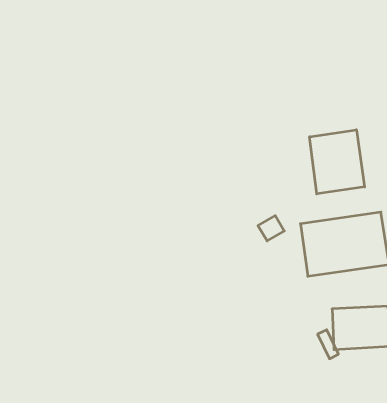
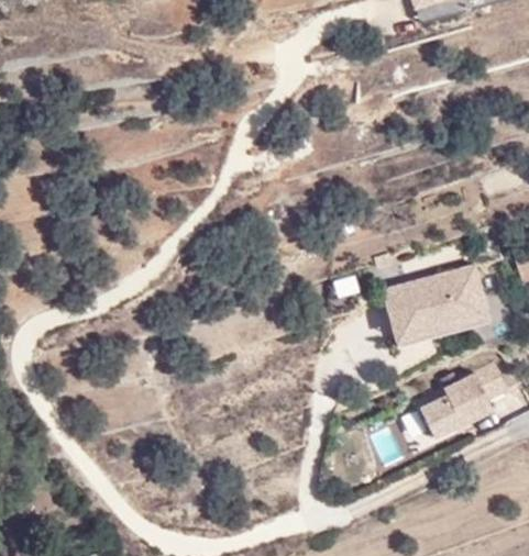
building: [310,130,365,194] -> none

